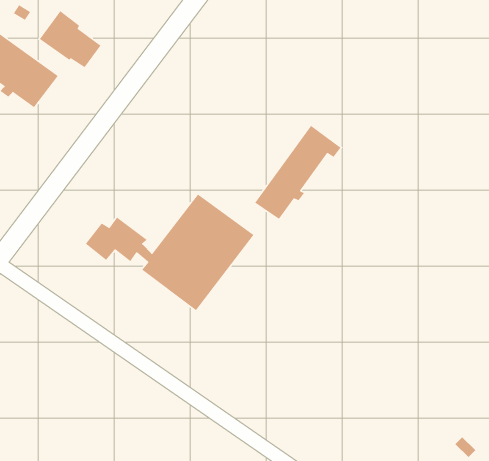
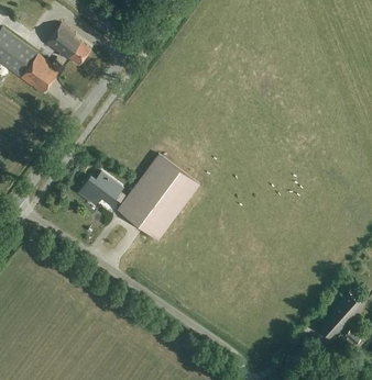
building: [254,125,341,220] -> none
building: none -> [319,291,362,337]

